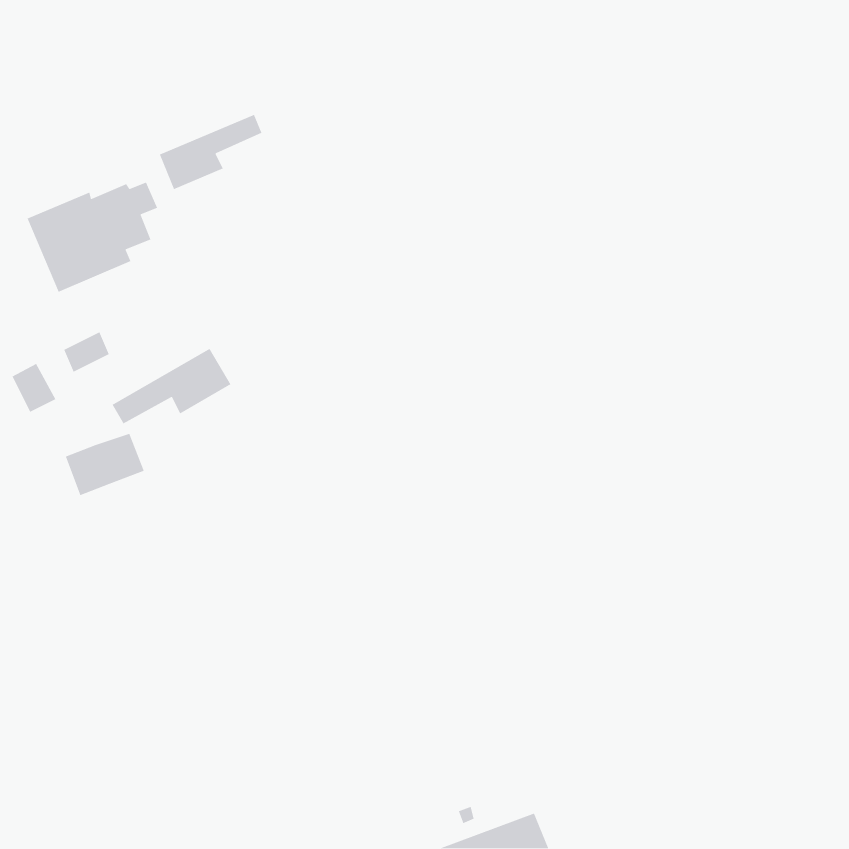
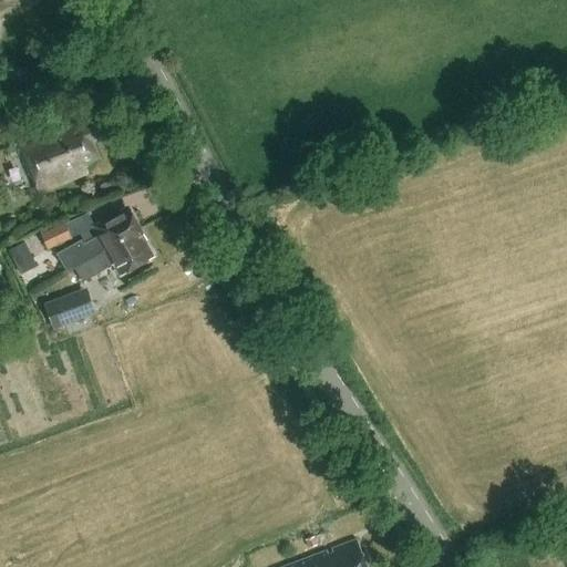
building: [159,114,263,190] -> none
building: none -> [56,207,140,274]

